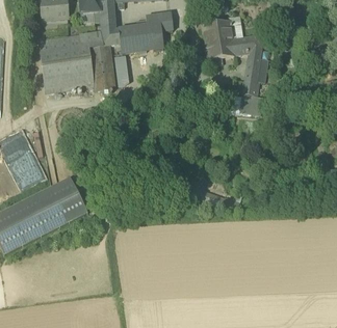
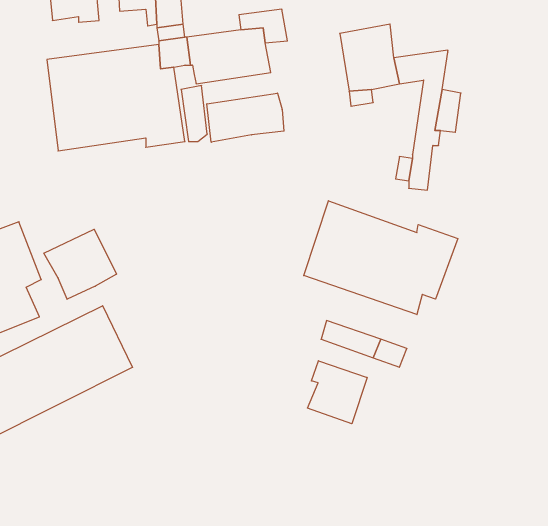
building: none -> [207,93,284,142]
building: none -> [304,201,458,315]
building: none -> [44,229,116,299]
building: none -> [308,361,367,424]

